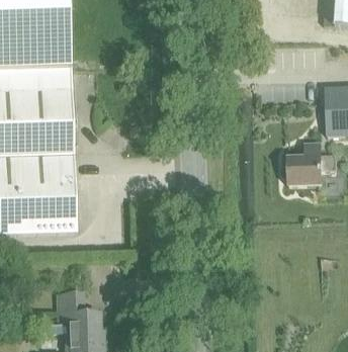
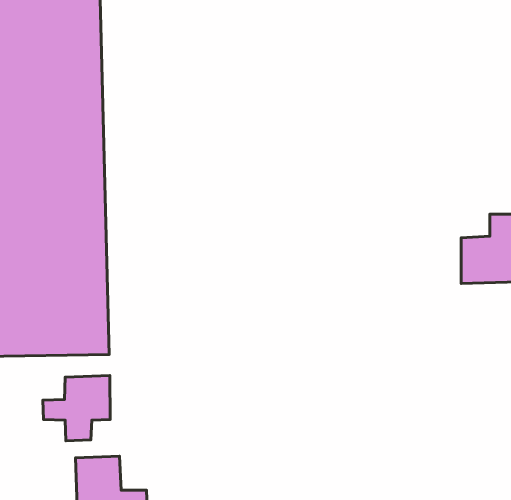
building: none -> [43,376,110,441]

